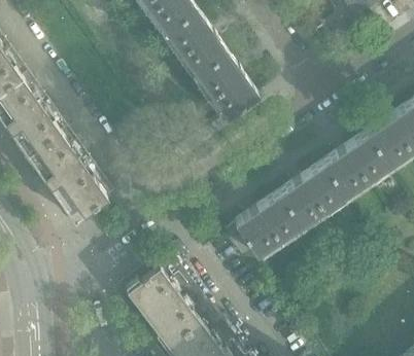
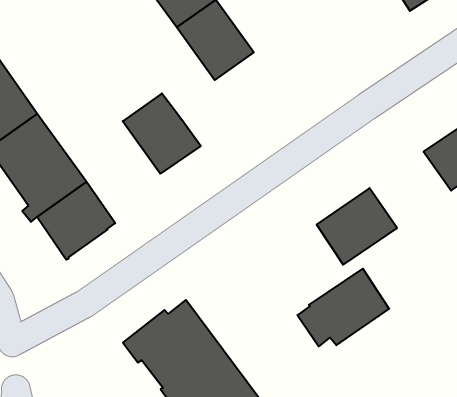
building: [197,56,261,121] -> [123,93,201,174]
building: [323,137,390,200] -> none
building: [227,197,302,260] -> [297,269,389,346]

